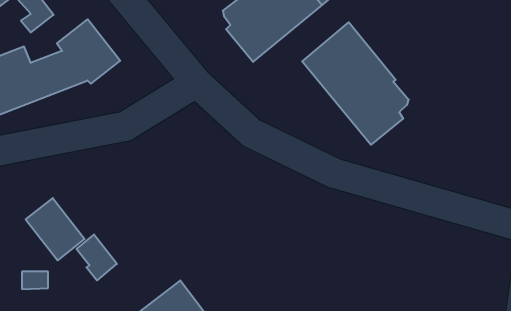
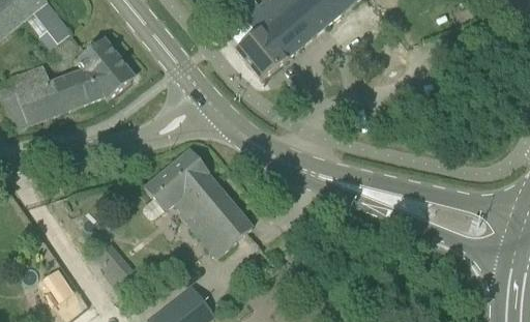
building: [302,22,409,145] -> none
building: none -> [143,149,252,256]
building: [26,198,85,260] -> none

